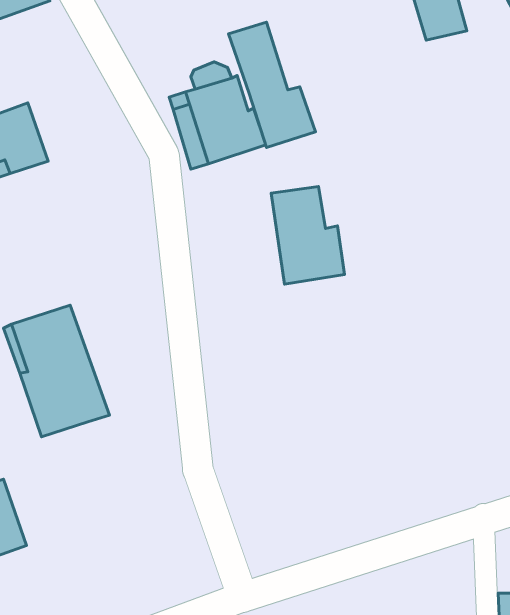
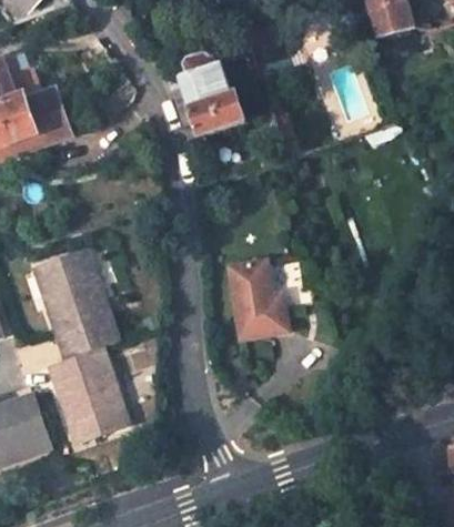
building: [229,22,315,148] -> none
building: [271,186,344,284] -> [229,260,289,339]
building: none -> [48,346,129,443]

